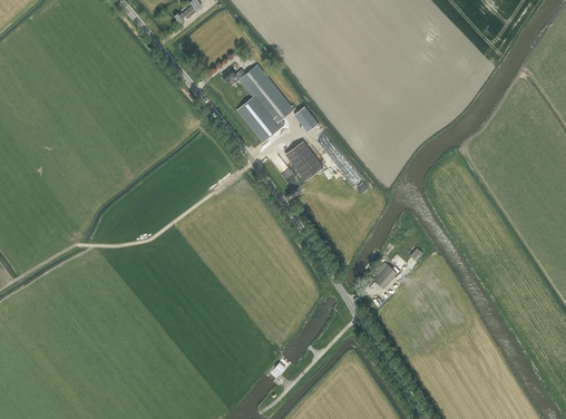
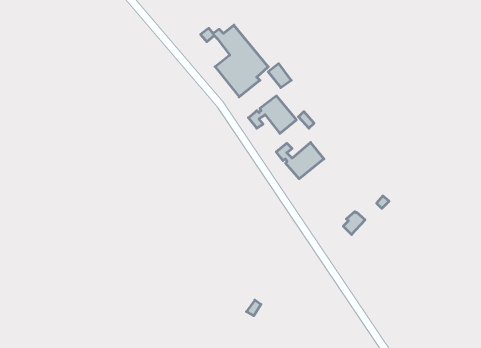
building: none -> [276,142,324,179]

